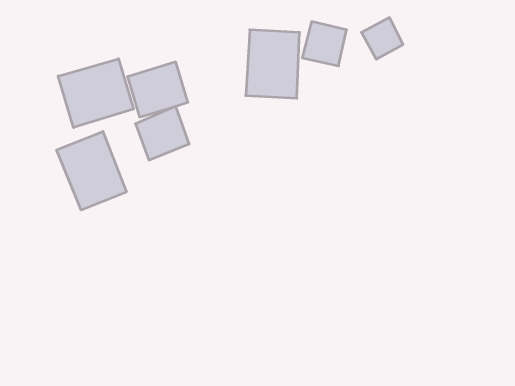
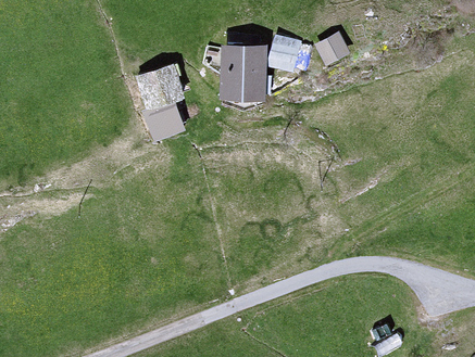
building: [58,59,134,128] -> none
building: [57,131,126,210] -> none

